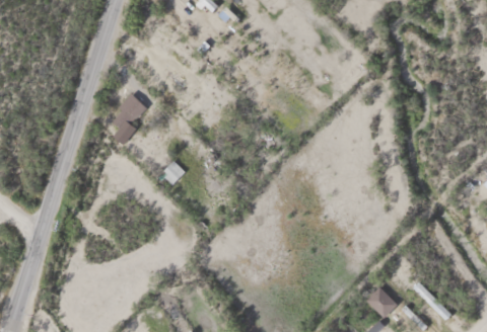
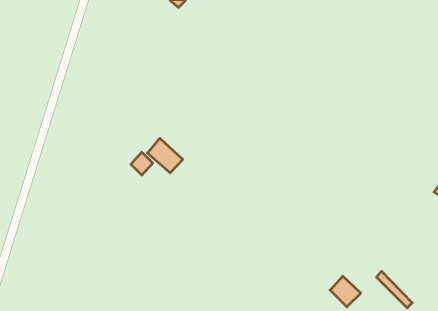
building: [110,94,147,133] -> none
building: none -> [147,138,183,173]

